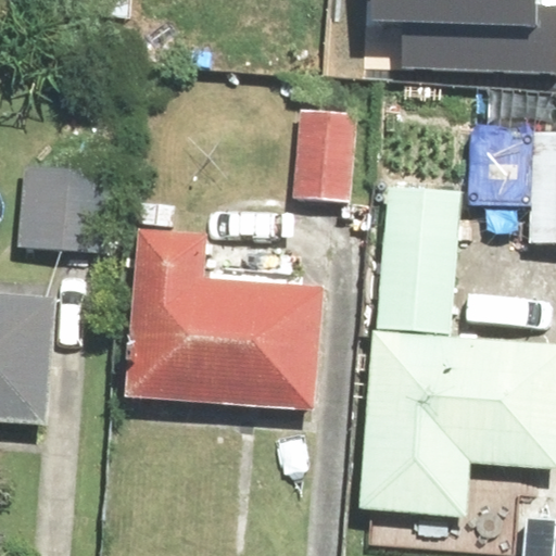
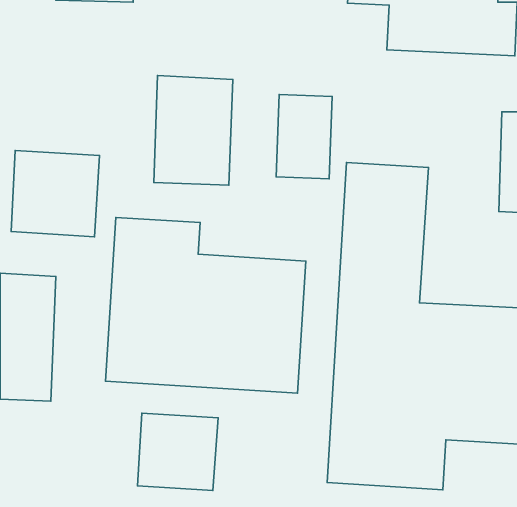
building: none -> [154,76,233,185]
building: none -> [138,413,218,490]

